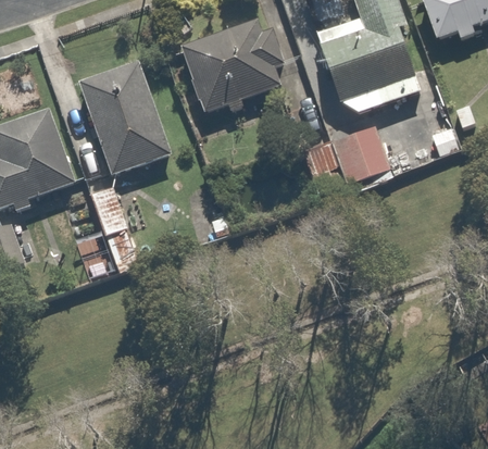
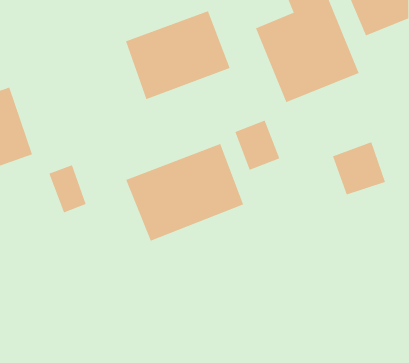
building: [77,59,176,176] -> none
building: [330,121,389,179] -> [332,141,386,195]
building: none -> [125,143,244,242]

